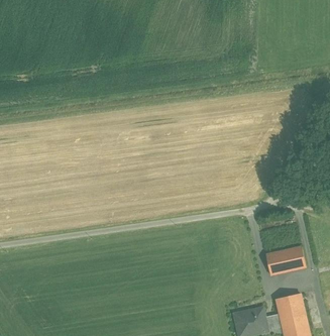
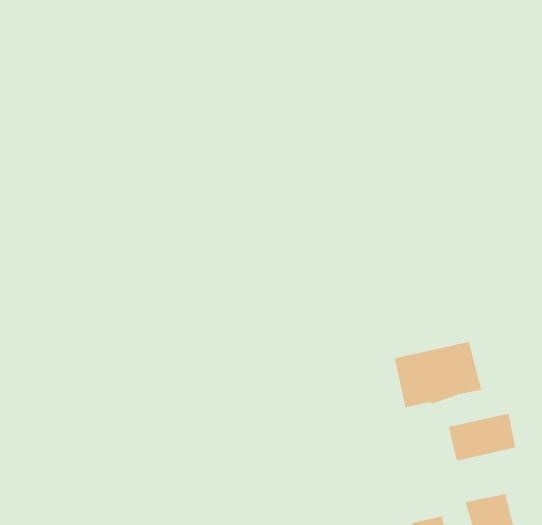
building: none -> [394,341,482,408]

